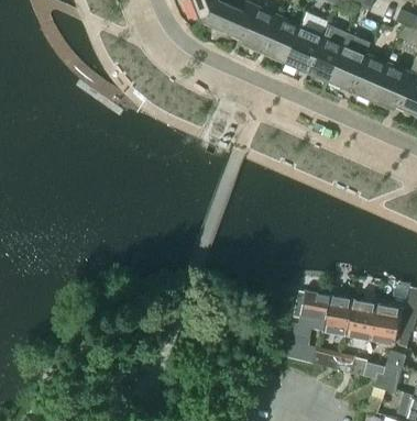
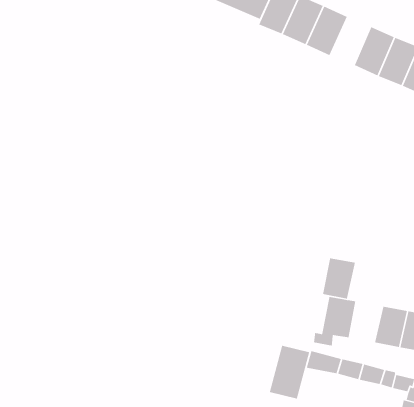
building: [306,34,343,79] -> none
building: [323,295,354,333] -> [322,257,356,299]
building: none -> [269,345,310,399]

